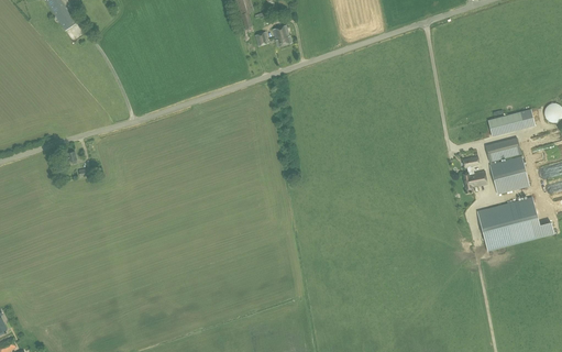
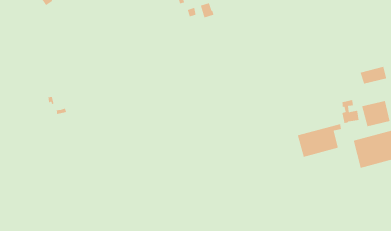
building: [485,138,520,162] -> none
building: none -> [297,123,342,158]

